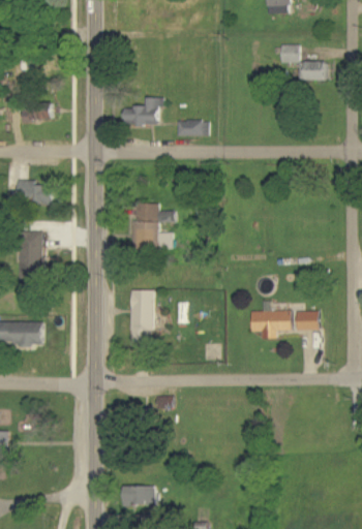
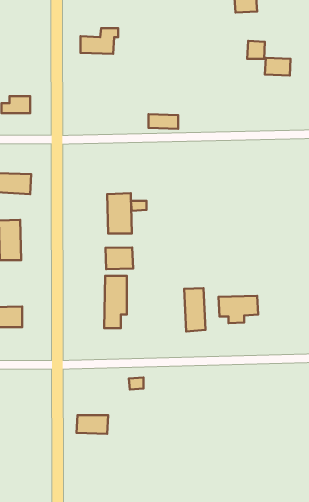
building: [123,97,162,124] -> [81,28,118,54]
building: none -> [105,247,133,269]
building: none -> [184,288,206,331]
building: [296,310,318,330] -> none
building: [122,486,155,505] -> [77,415,108,434]

